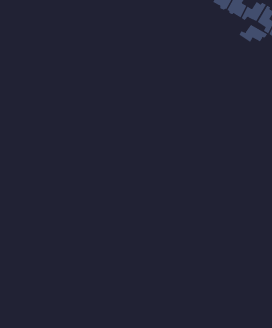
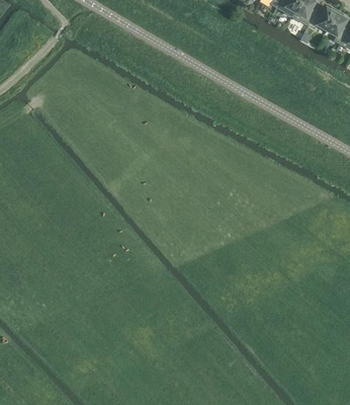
building: [239,24,268,43] -> none

